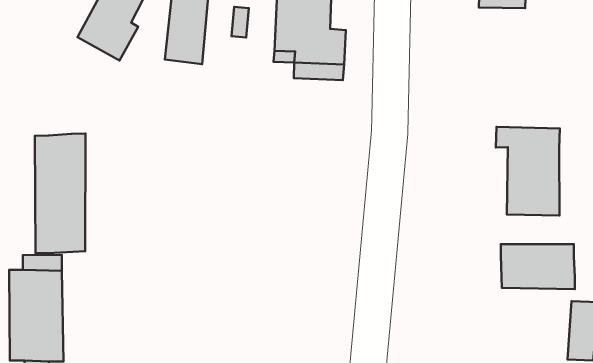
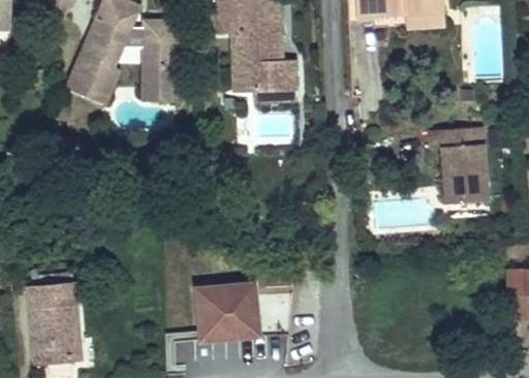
building: [35,134,85,253] -> none
building: [501,244,575,289] -> none
building: none -> [196,284,258,341]

